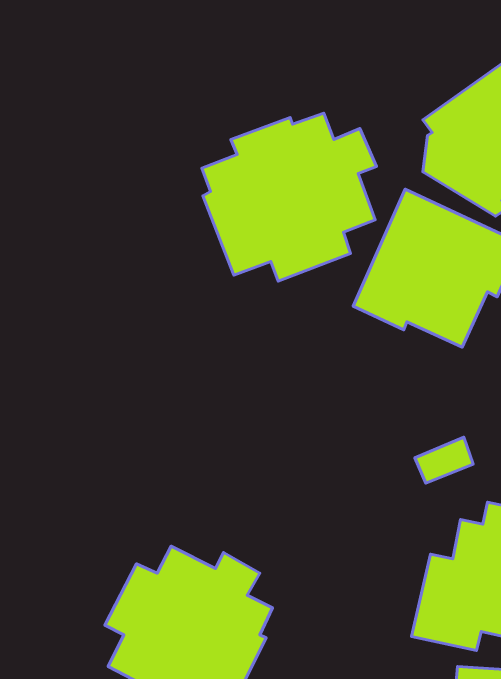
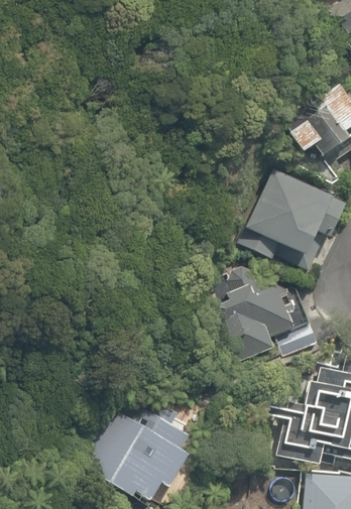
building: [202,113,377,281] -> none
building: none -> [202,266,312,363]

